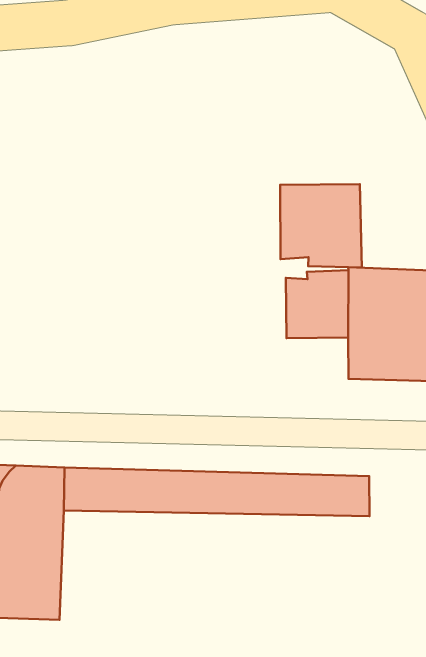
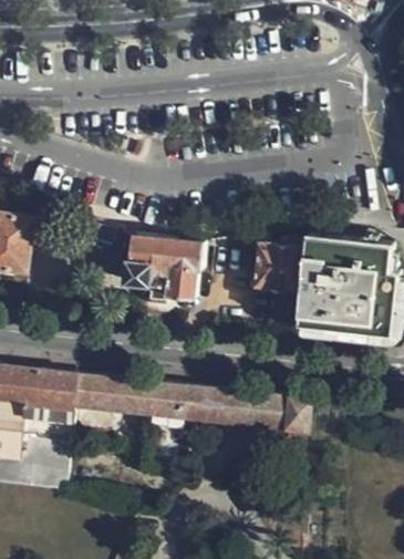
building: [280,184,362,268] -> none
building: none -> [121,237,204,304]

